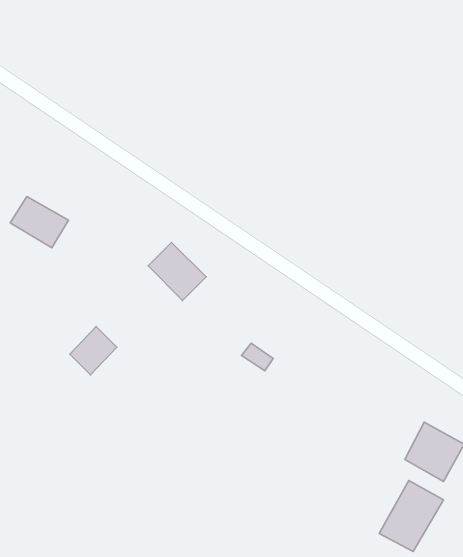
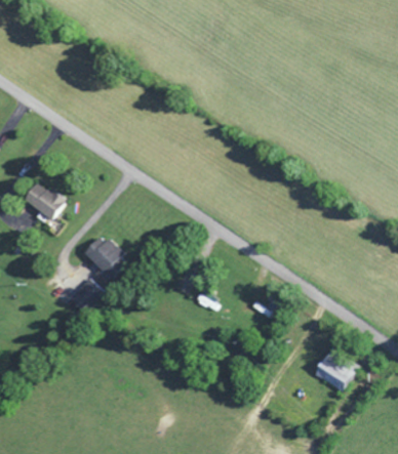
building: [148,242,206,300] -> [84,235,127,278]
building: [379,480,444,551] -> none

